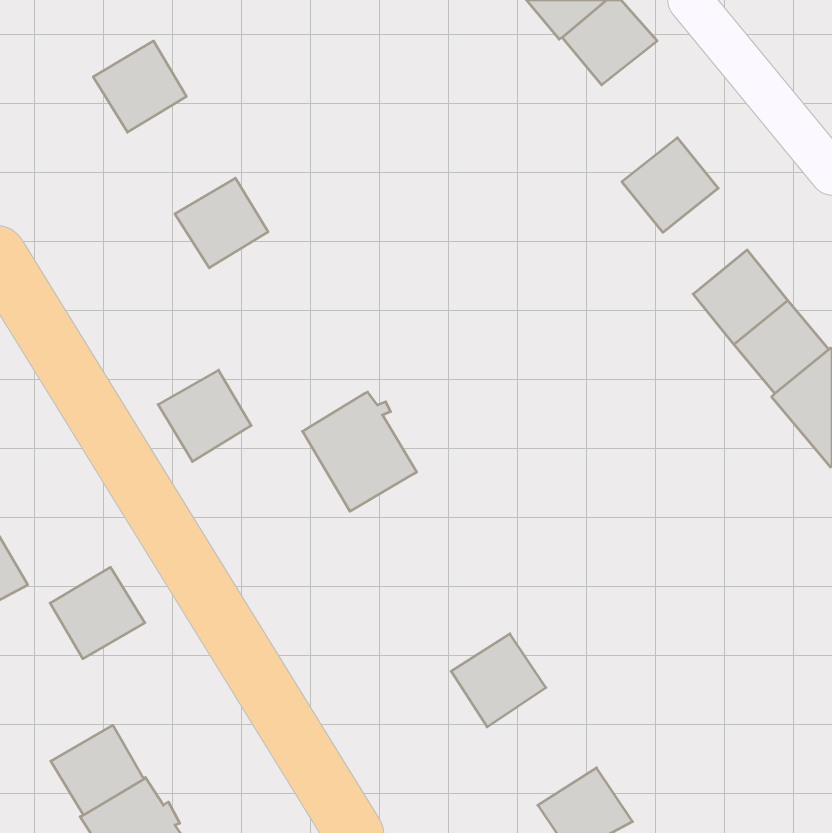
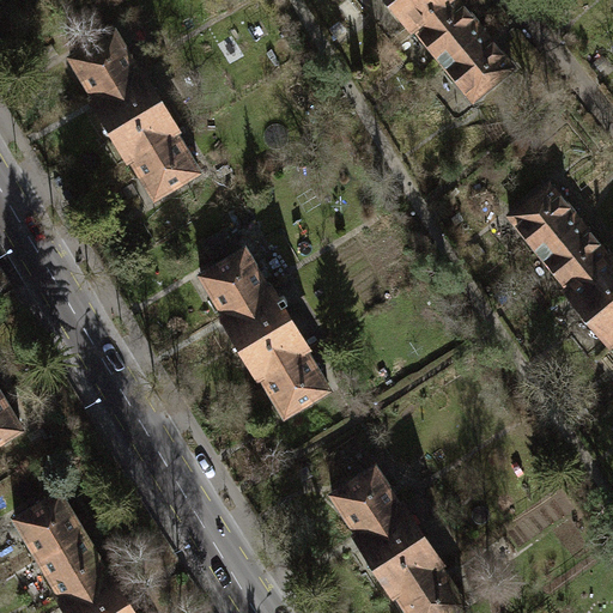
building: none -> [91,71,175,159]
building: [622,138,718,232] -> [441,31,511,101]
building: [158,370,251,462] -> [199,249,267,316]
building: none -> [259,348,328,415]
building: [50,567,145,659] -> [13,492,83,559]
building: none -> [354,504,439,593]

